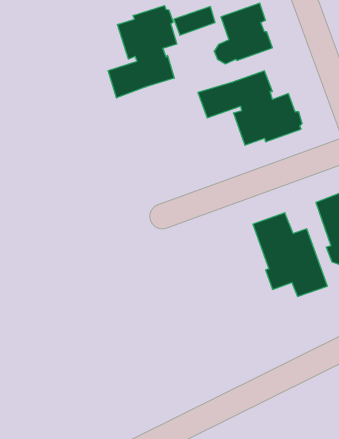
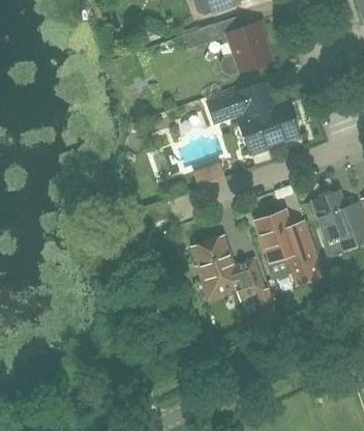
building: [108,6,177,98] -> none
building: none -> [194,235,266,298]

